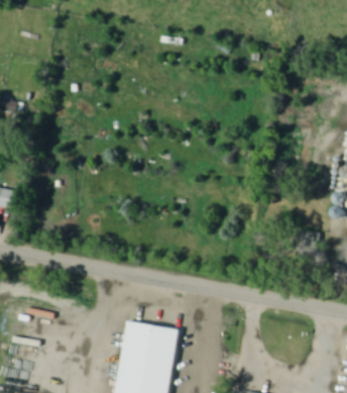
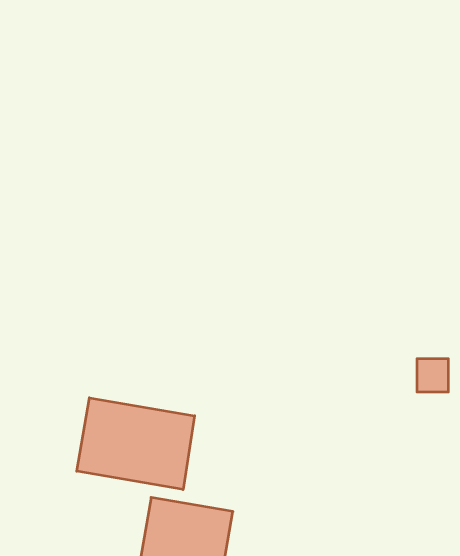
building: none -> [77,398,195,490]

